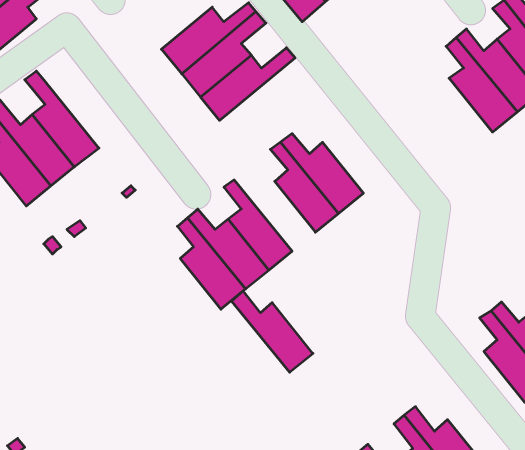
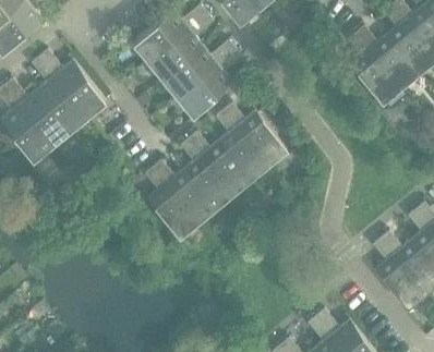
building: none -> [179,51,242,117]
building: none -> [41,54,107,119]
building: [232,291,313,372] -> [190,135,251,196]

